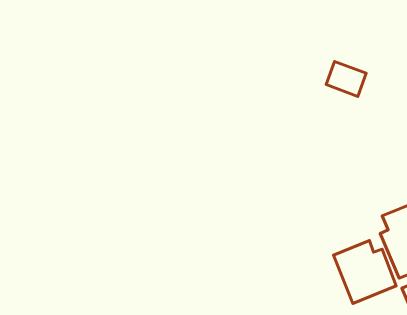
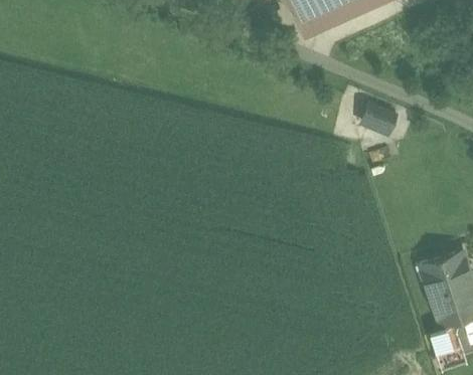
building: [334,241,396,303] -> none

